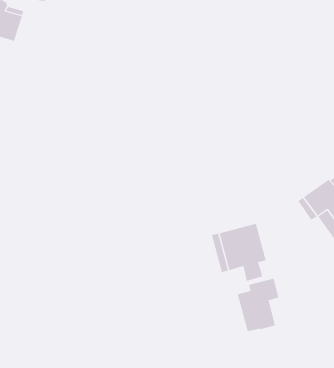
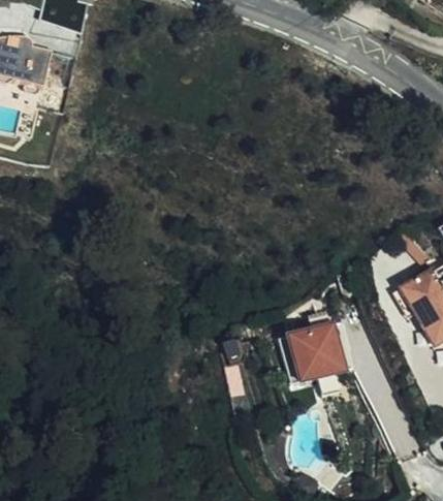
building: [237,278,279,332] -> none

